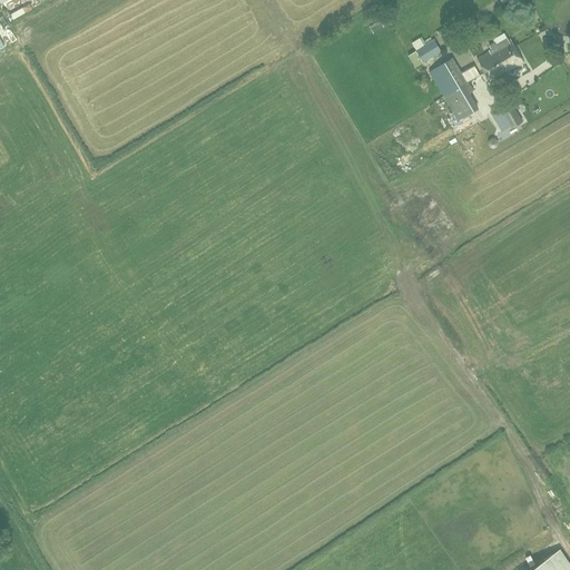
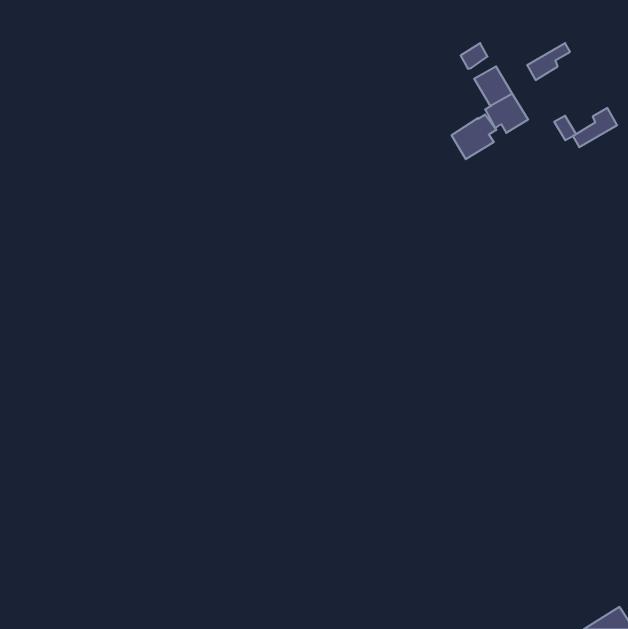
building: [485,47,525,82] -> [573,108,617,147]
building: none -> [452,114,496,159]

